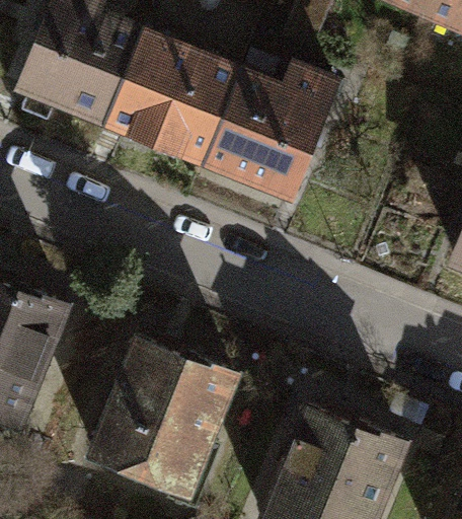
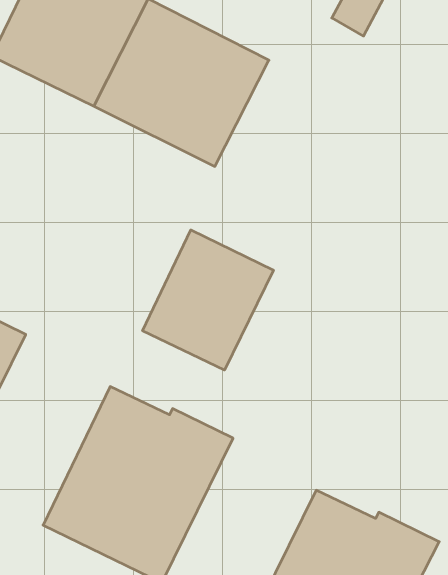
building: [206,70,335,200] -> none
building: none -> [143,230,273,370]

